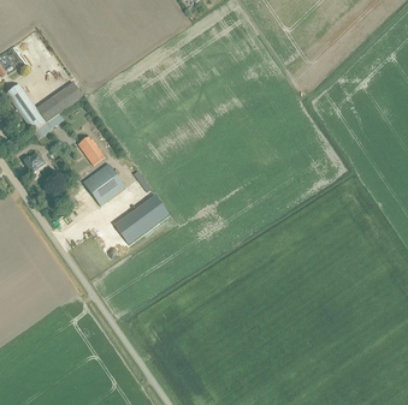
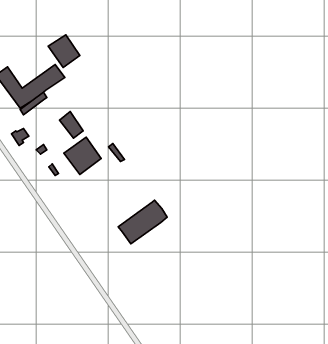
building: none -> [48,35,80,67]
building: [113,193,168,243] -> [118,200,167,244]

